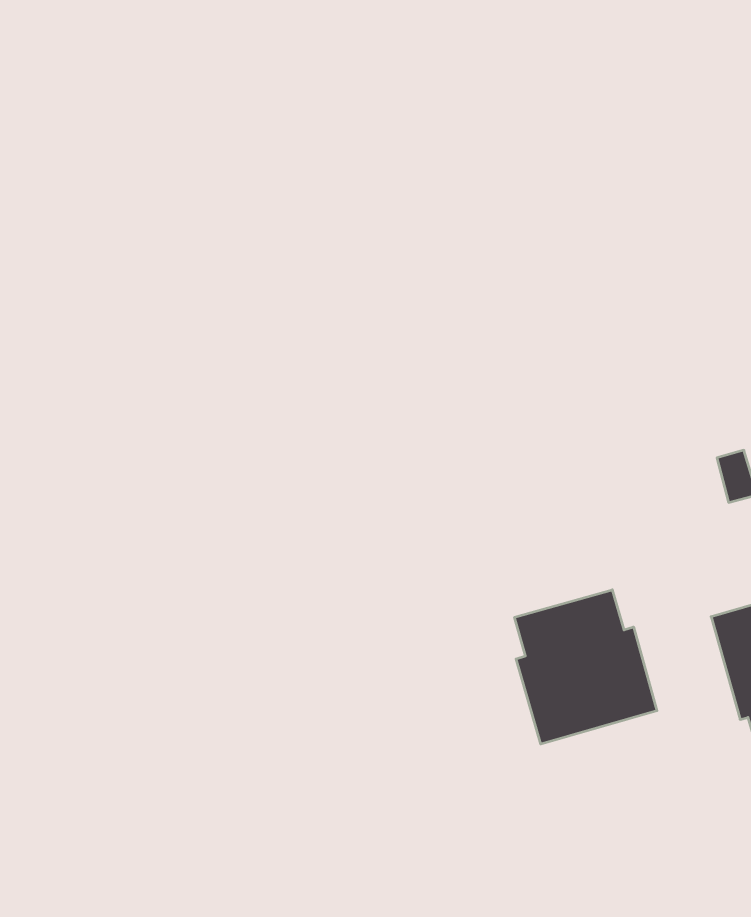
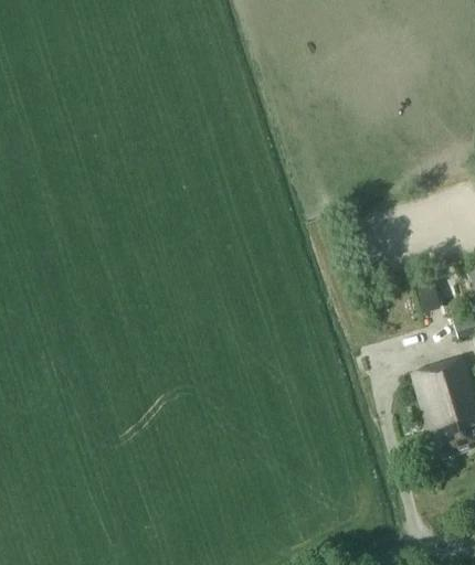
building: [515,590,657,744] -> none

